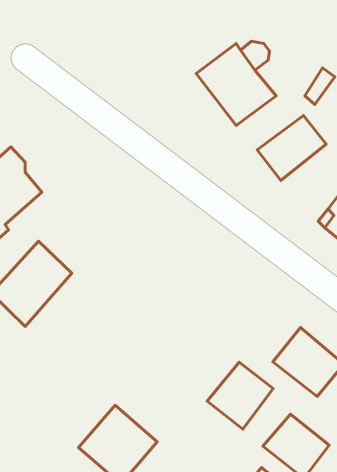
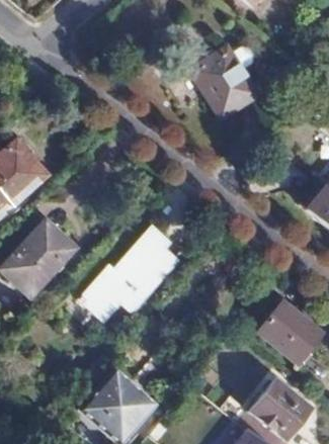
building: [257,115,326,181] -> none
building: none -> [79,228,176,321]
building: [207,362,273,429] -> none

